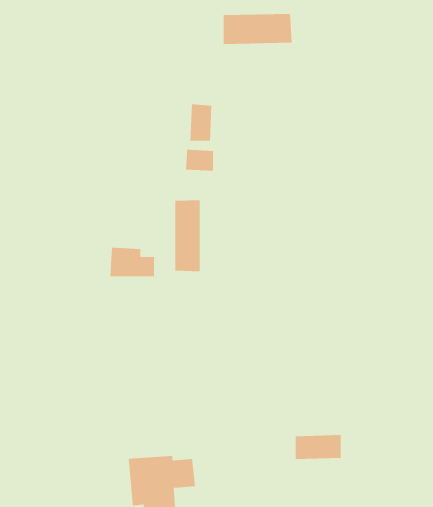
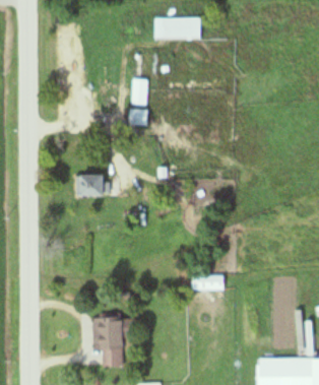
building: [175,199,200,272] -> none
building: [295,434,342,460] -> [192,272,224,290]

